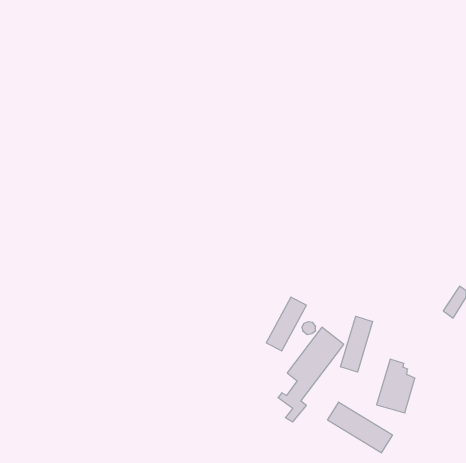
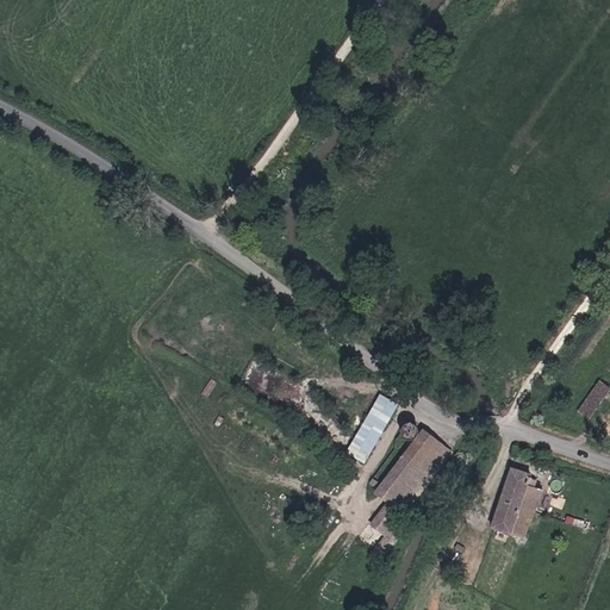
building: [341,316,373,372] -> none
building: [328,402,392,453] -> none

